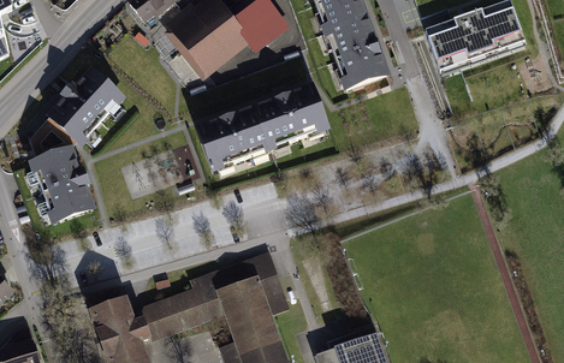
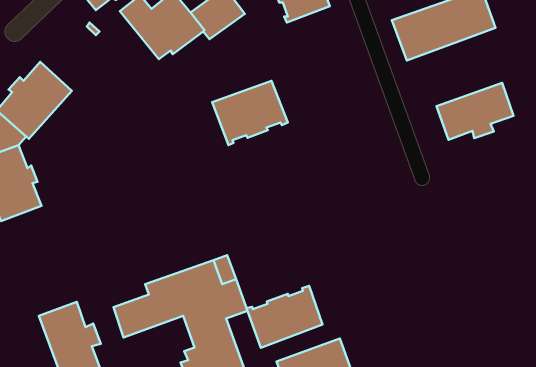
building: [325,17,386,89] -> none
building: none -> [436,83,514,140]
building: [197,108,269,169] -> none
building: none -> [247,286,322,348]
building: [141,303,170,339] -> none

